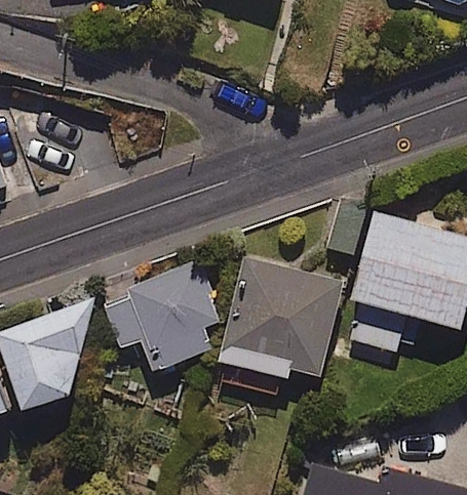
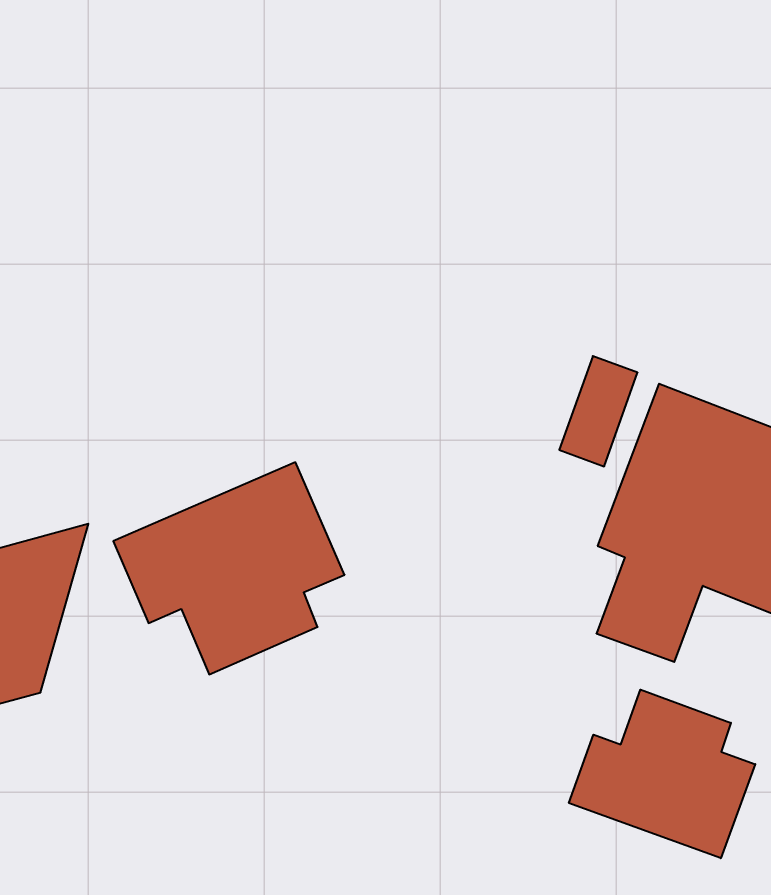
building: [212,257,344,396] -> none
building: none -> [569,690,755,858]

